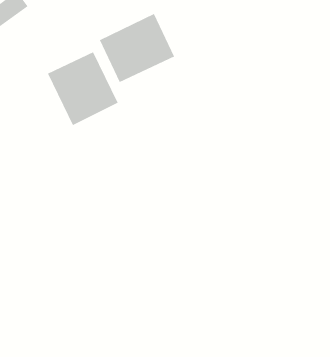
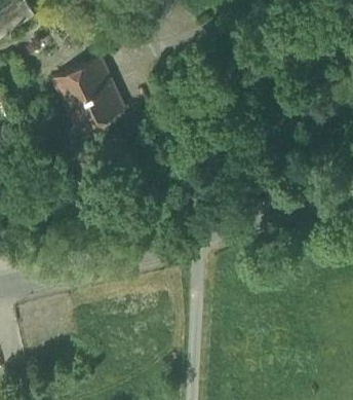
building: [99,13,175,83] -> none

